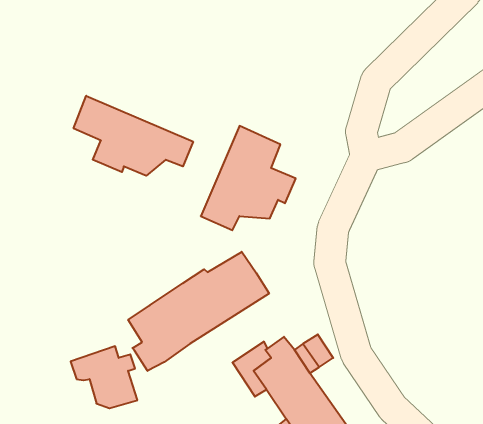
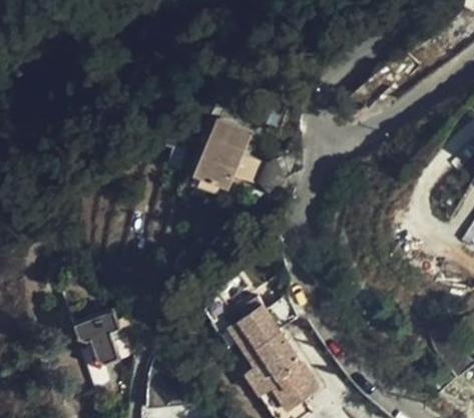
building: [74,96,193,176] -> none
building: [128,252,269,371] -> none

